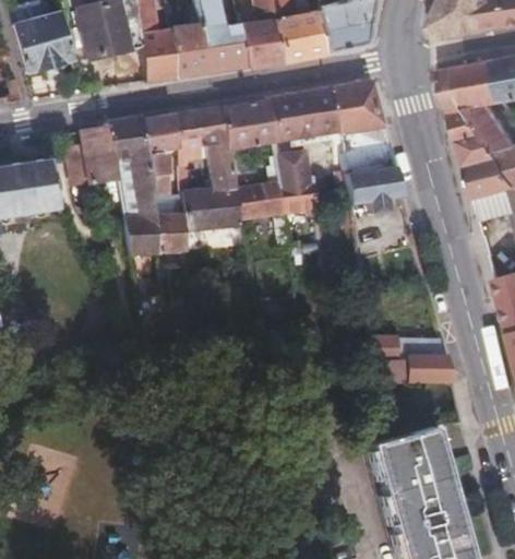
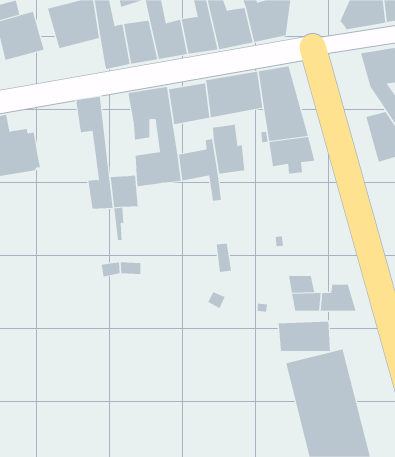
building: [442,66,489,143] -> none
building: [142,116,181,216] -> none
building: [83,127,119,186] -> none
building: none -> [278,321,331,352]

